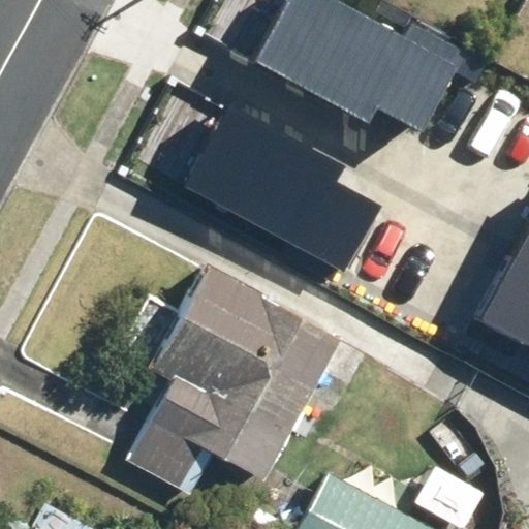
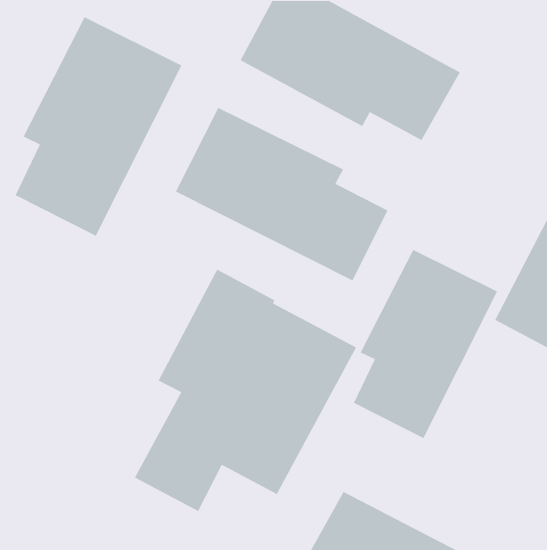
building: none -> [15,16,183,237]
building: none -> [353,249,498,439]

